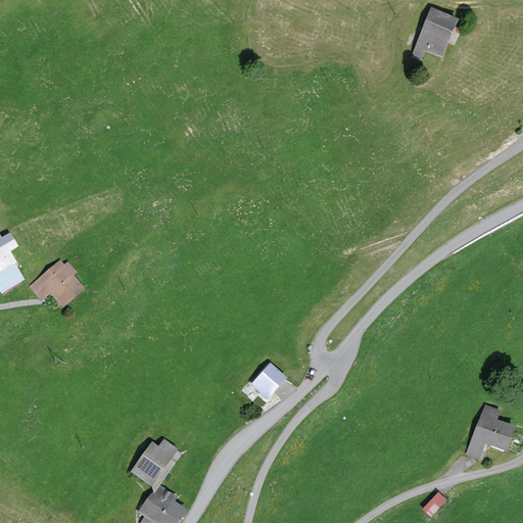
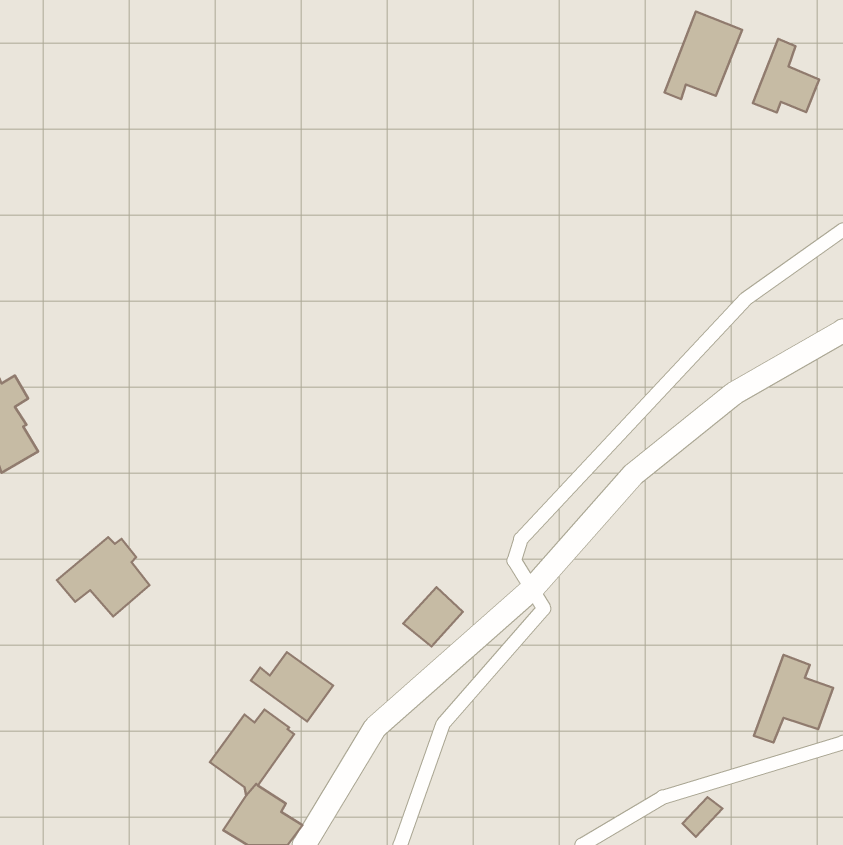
building: none -> [753,39,819,112]
building: [28,259,85,308] -> [57,537,150,617]
building: none -> [251,652,333,721]

